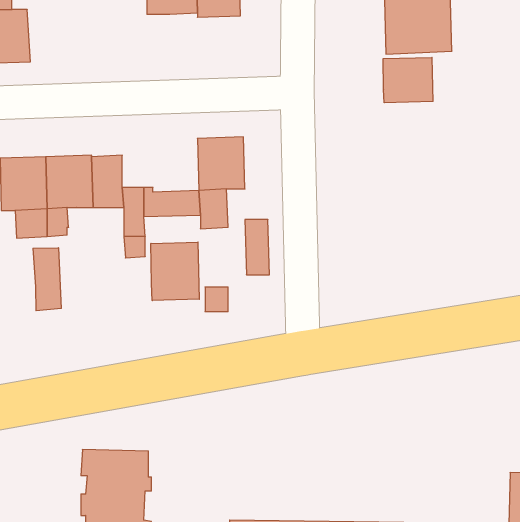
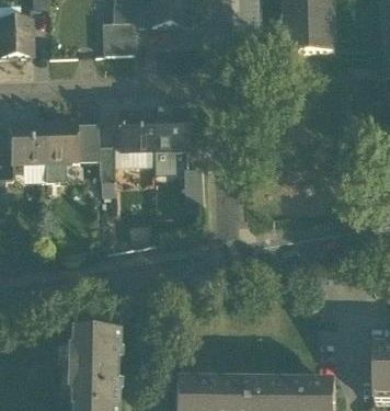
building: none -> [102,21,133,52]
building: [383,57,433,103] -> none
building: none -> [118,110,152,148]
building: [151,242,199,301] -> none
building: [33,248,61,311] -> none

